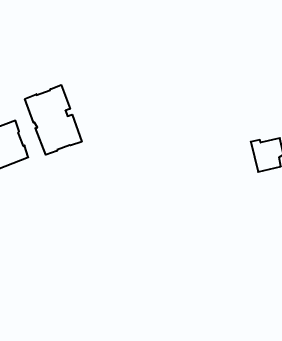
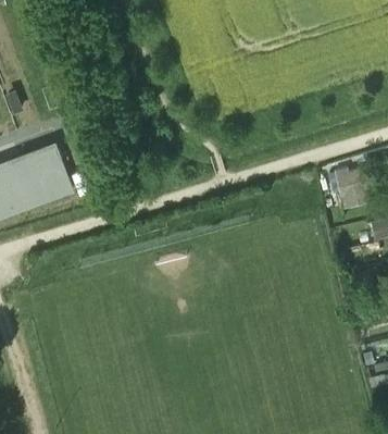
building: [25,85,82,155] -> none

